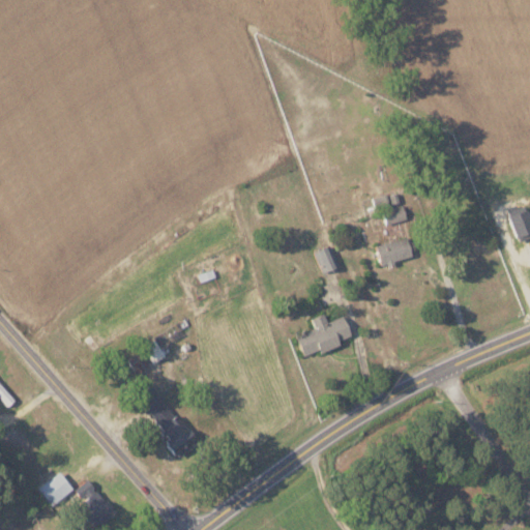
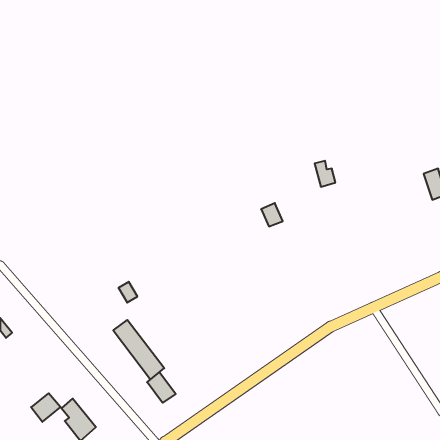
building: [378,237,414,265] -> none
building: [297,314,354,357] -> none
building: none -> [147,372,176,403]

